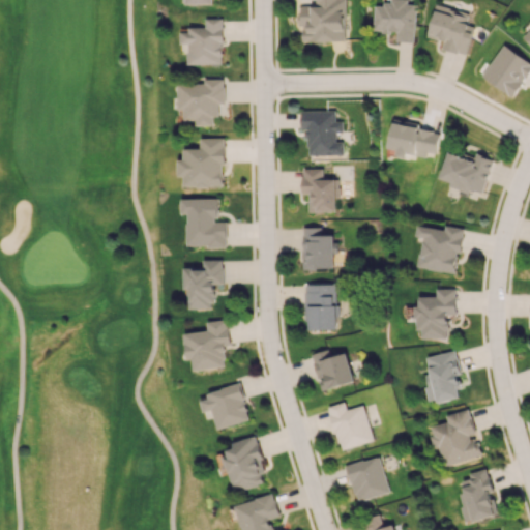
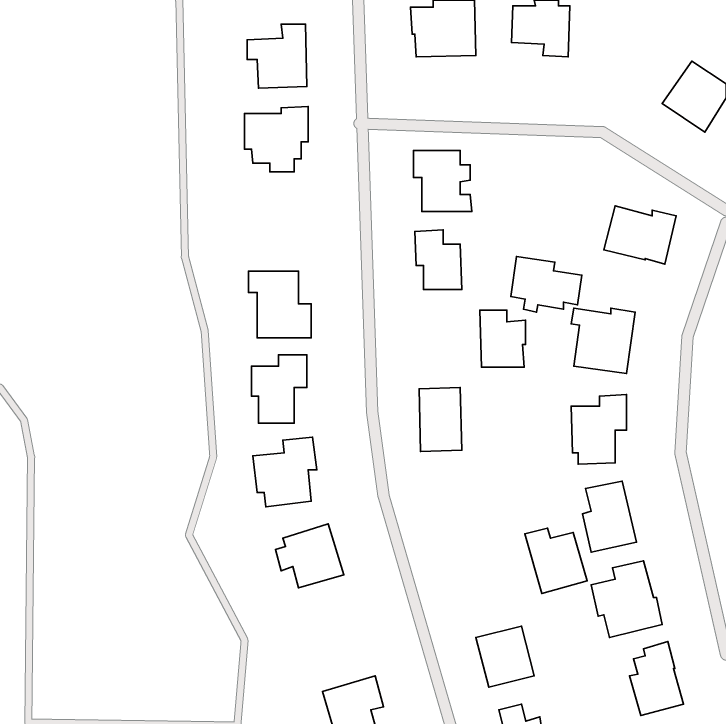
building: [426,5,474,56] -> none
building: [388,119,440,159] -> [511,257,582,312]
building: [177,138,226,187] -> none
building: [302,228,335,269] -> [480,310,525,367]
building: [312,350,354,391] -> none
building: [328,403,374,450] -> [525,528,587,594]
building: [225,437,266,491] -> none

